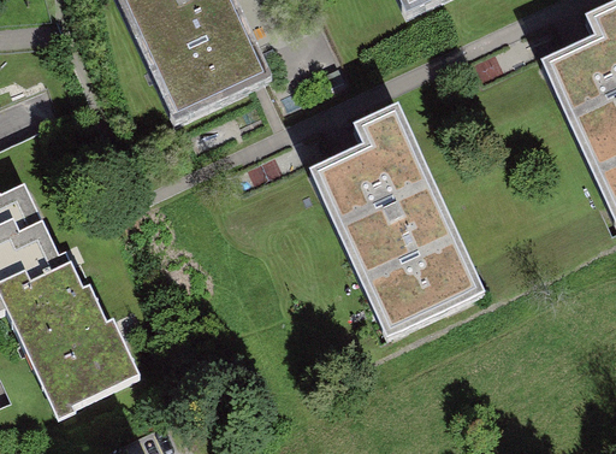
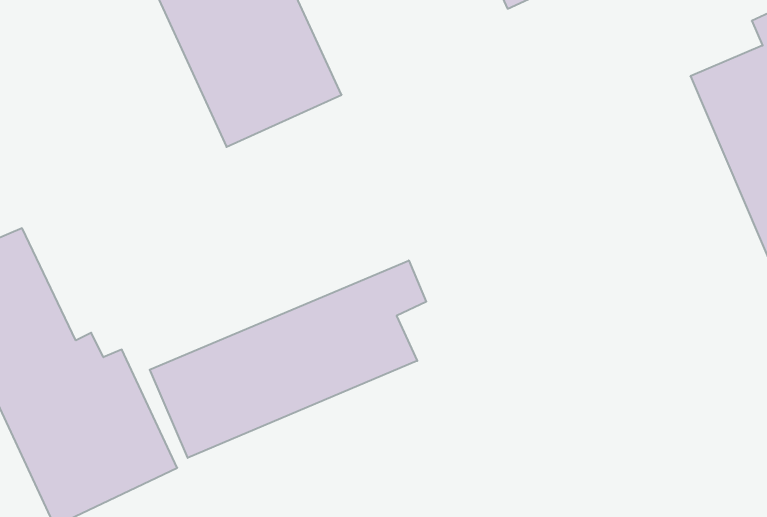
building: [320,111,484,331] -> none
building: none -> [150,260,426,458]

